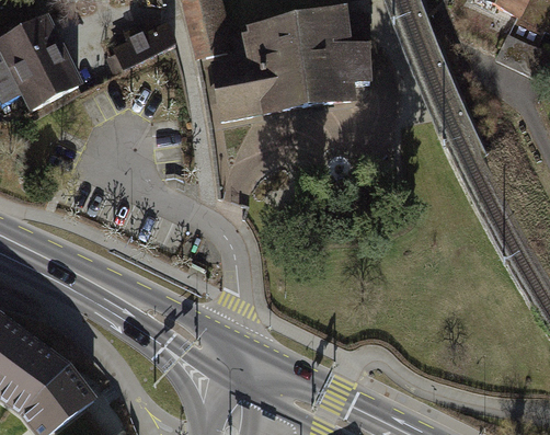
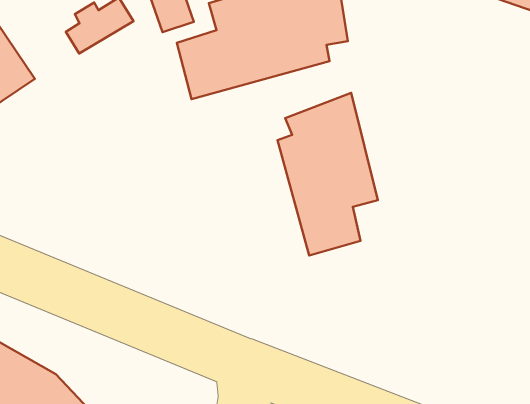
building: none -> [278,93,378,255]

